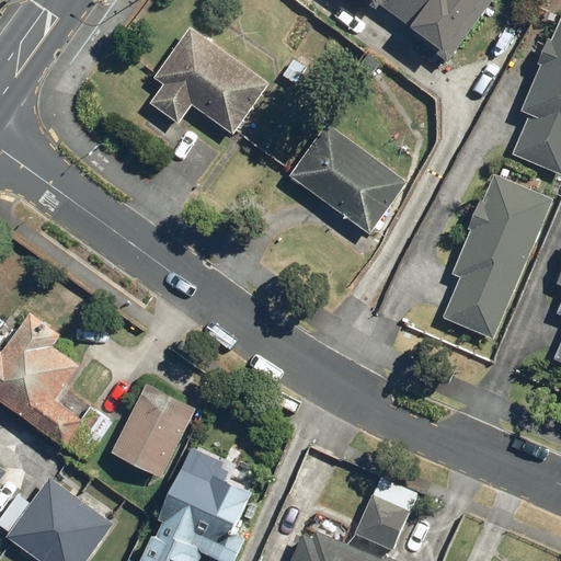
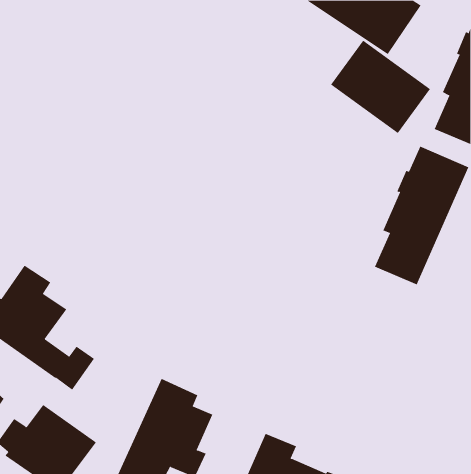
building: [149,26,268,134] -> none
building: [289,123,408,233] -> [330,40,431,134]
building: [111,386,193,478] -> none
building: [353,494,409,551] -> none

